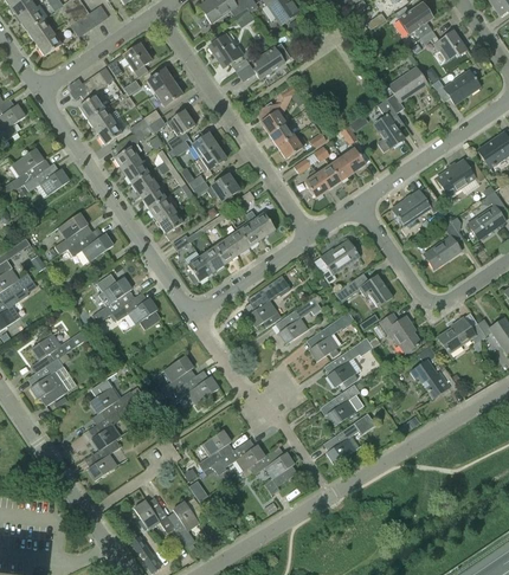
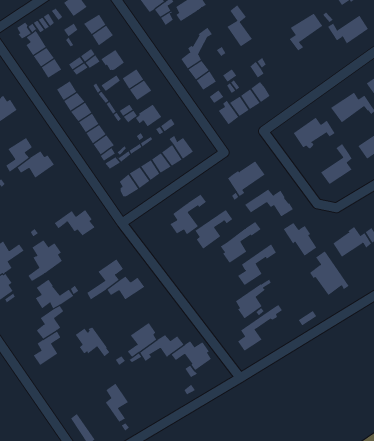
building: [374,97,405,147] -> [226,5,253,47]
building: [92,272,134,322] -> [27,239,63,282]
building: [134,497,175,532] -> [75,327,110,357]

